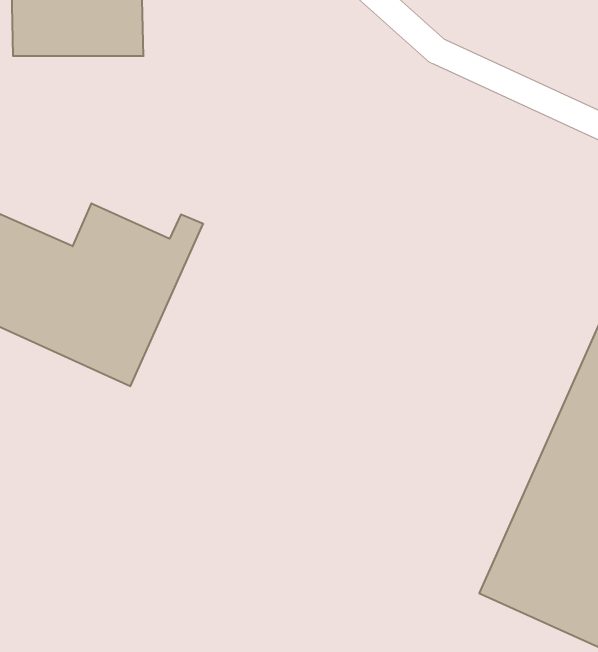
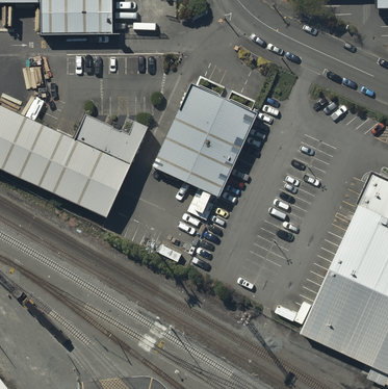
building: none -> [153,84,257,198]

